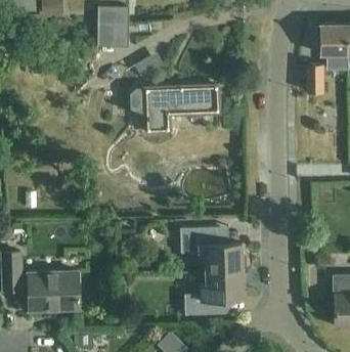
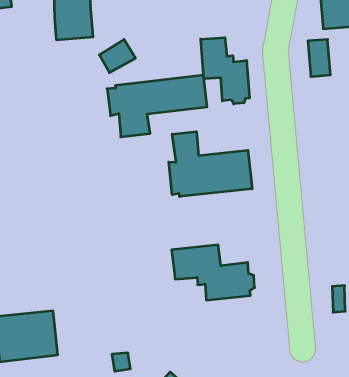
building: none -> [201,38,249,104]
building: none -> [169,132,252,197]
building: [183,271,243,315] -> none

